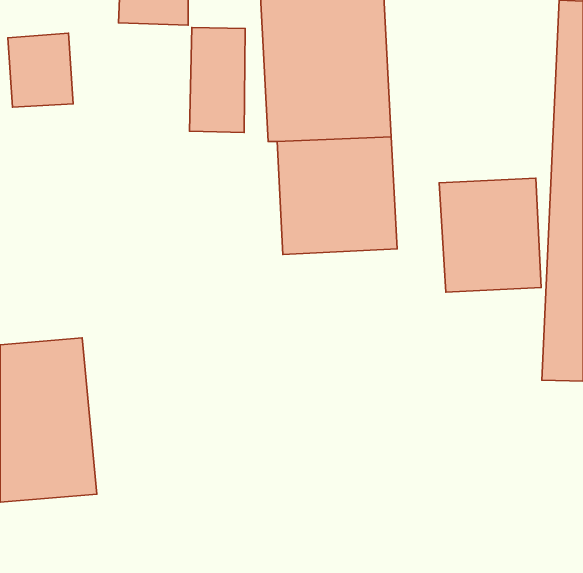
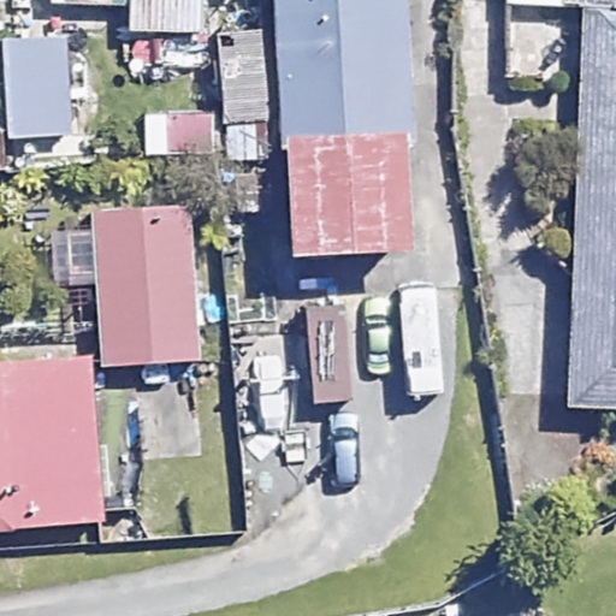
building: [439,178,541,292] -> none
building: none -> [58,209,196,363]

